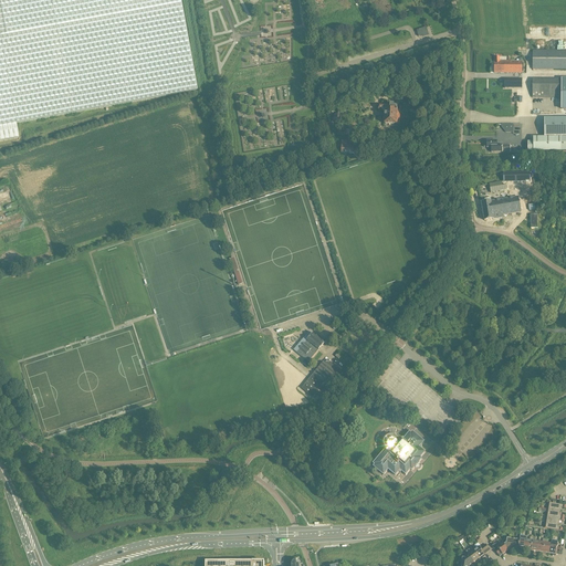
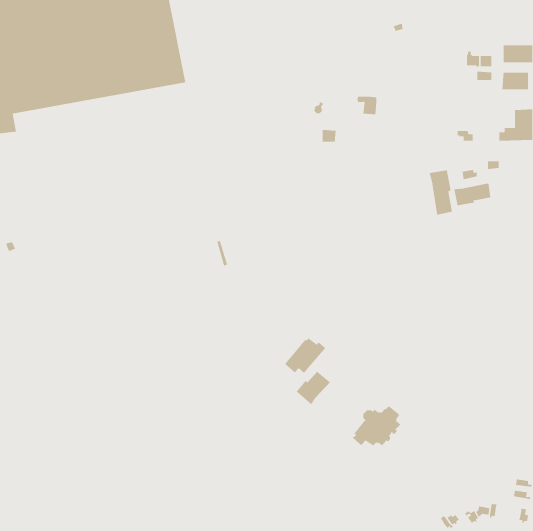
building: none -> [429,169,452,215]
building: [293,328,325,359] -> none
building: none -> [296,371,331,405]

